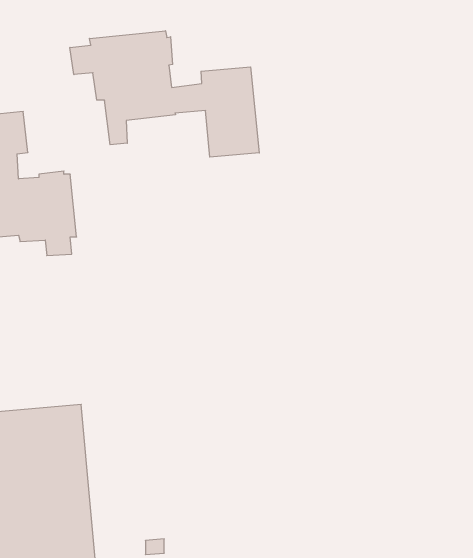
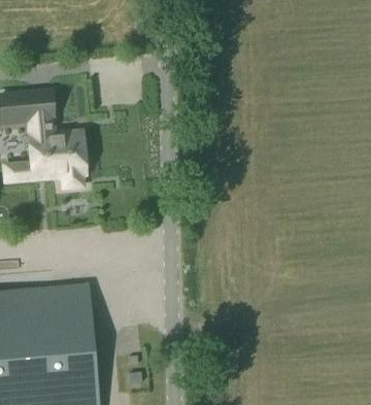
building: [70,31,259,157] -> none

